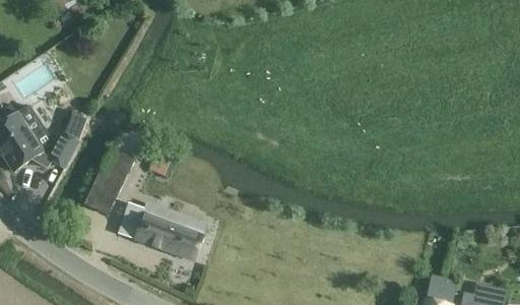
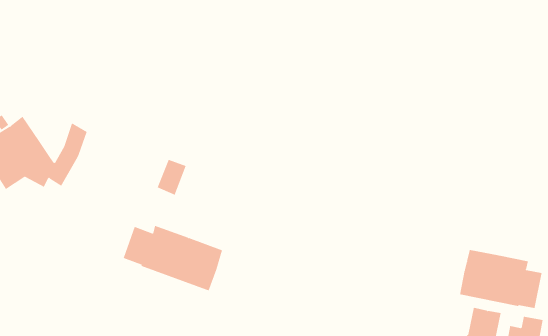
building: [84,149,134,216] -> none
building: none -> [459,249,542,309]

